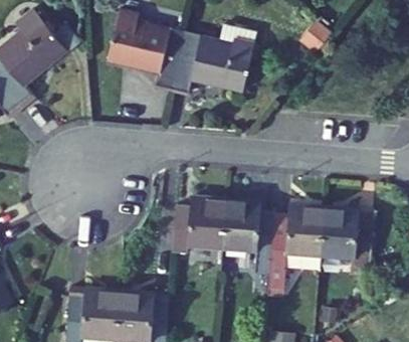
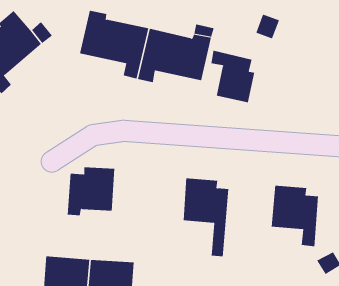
building: none -> [211,50,255,103]
building: [171,197,224,251] -> [67,167,115,216]
building: [266,204,323,289] -> none

